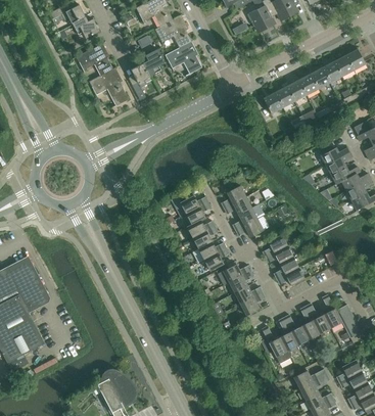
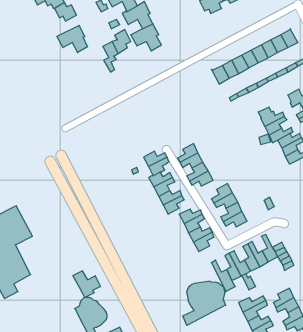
building: [89,67,129,106] -> none
building: none -> [73,271,100,298]
building: none -> [183,281,226,325]

